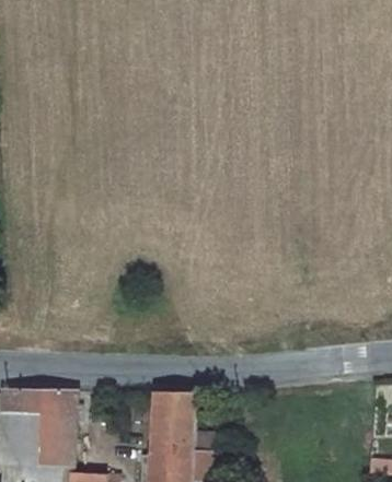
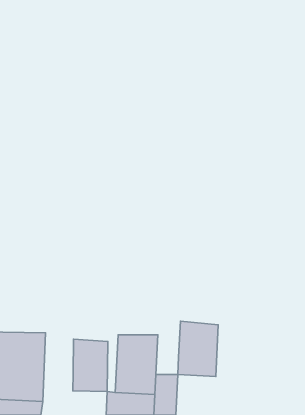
building: none -> [178,321,218,376]
building: none -> [73,339,108,391]

